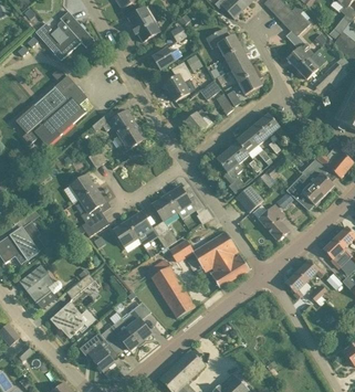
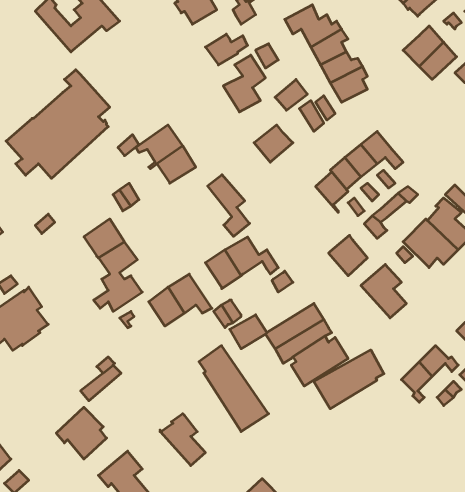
building: [217,151,246,193] -> [208,175,250,236]
building: none -> [314,350,384,409]
building: [19,264,54,303] -> none
building: [105,318,142,350] -> none

